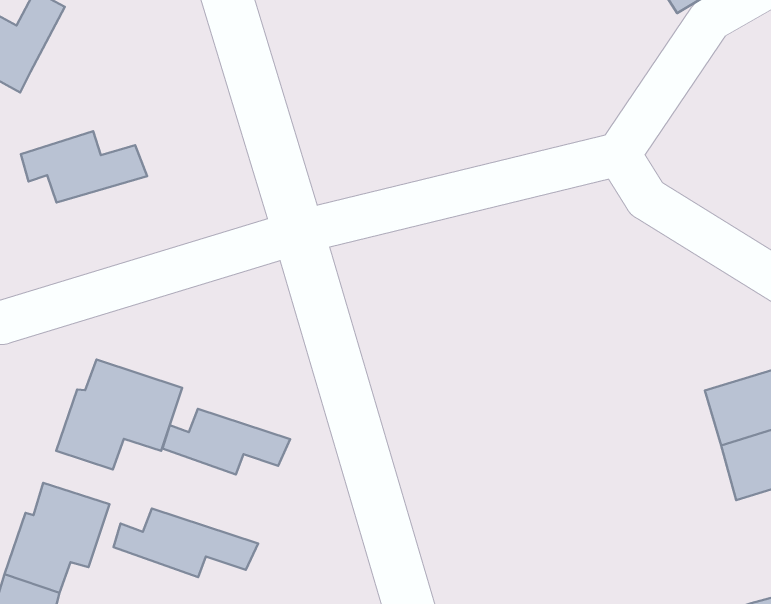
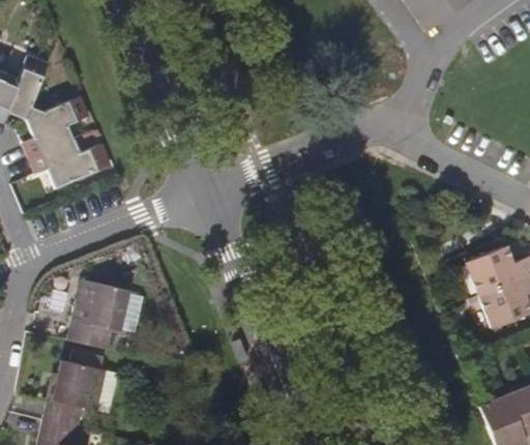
building: none -> [22,95,87,156]
building: [163,409,290,475] -> none
building: [113,508,258,577] -> none

